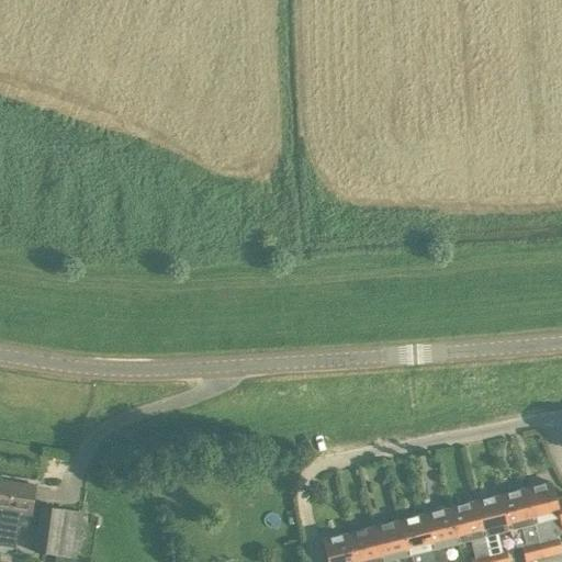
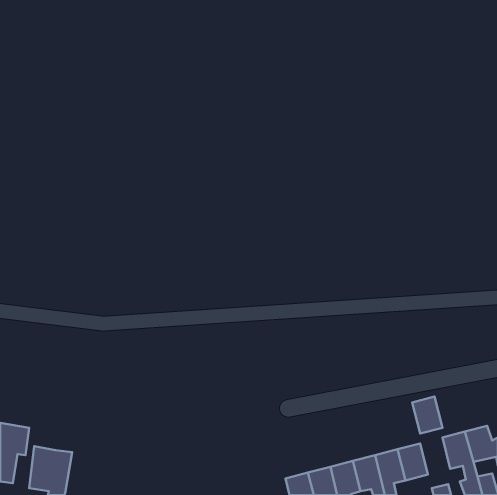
building: [474,493,508,535] -> [412,397,442,434]

